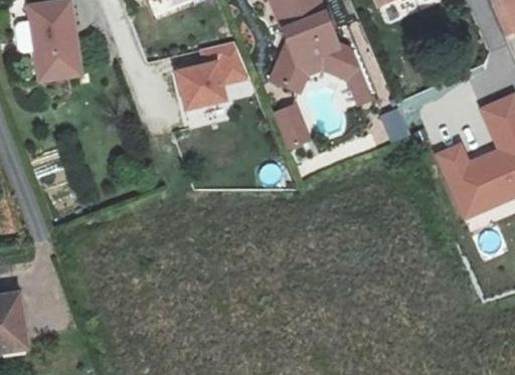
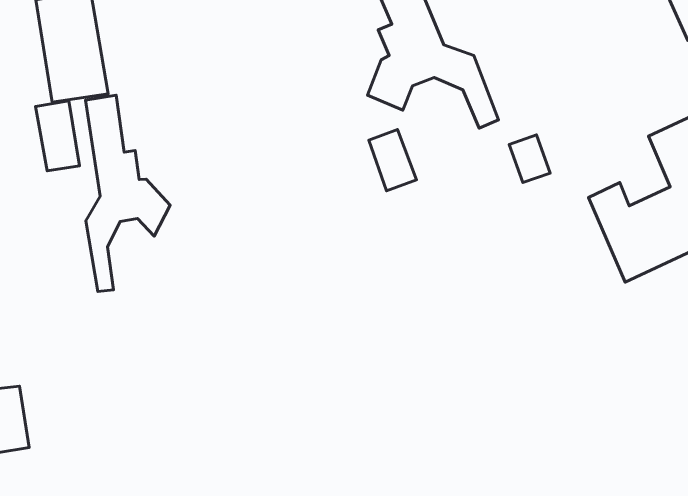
building: [173,42,249,114] -> none
building: none -> [86,95,170,292]
building: none -> [36,101,79,171]

